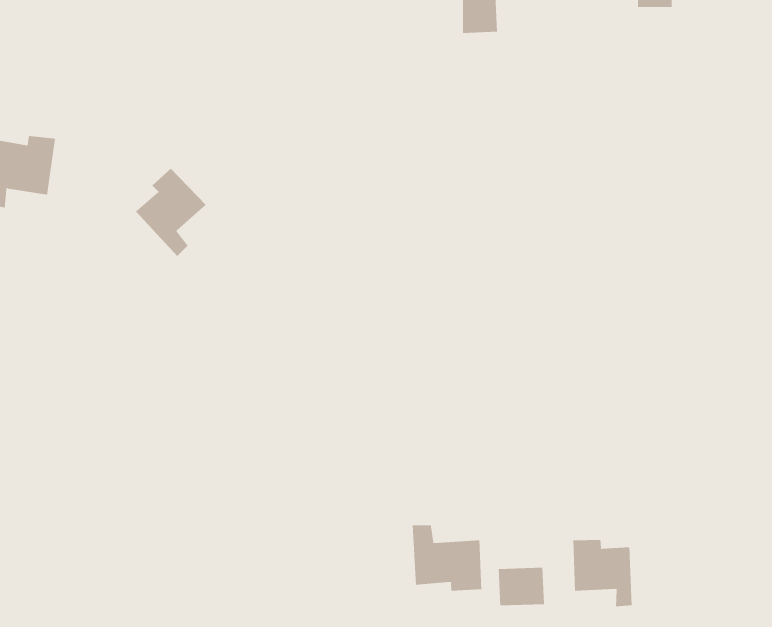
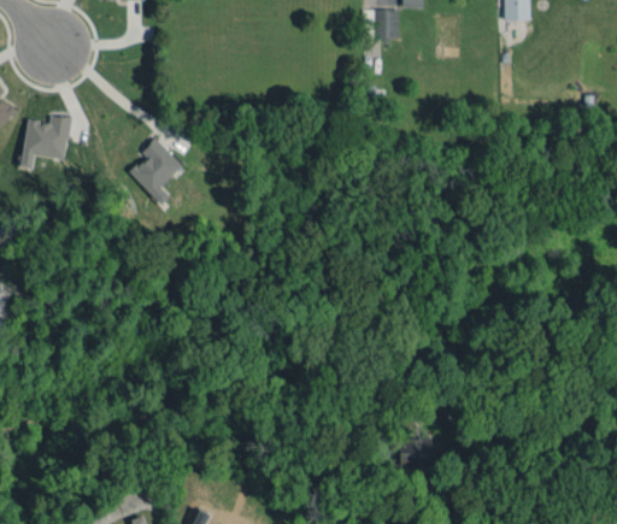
building: [412,525,482,592] -> none
building: [573,539,632,607] -> none

